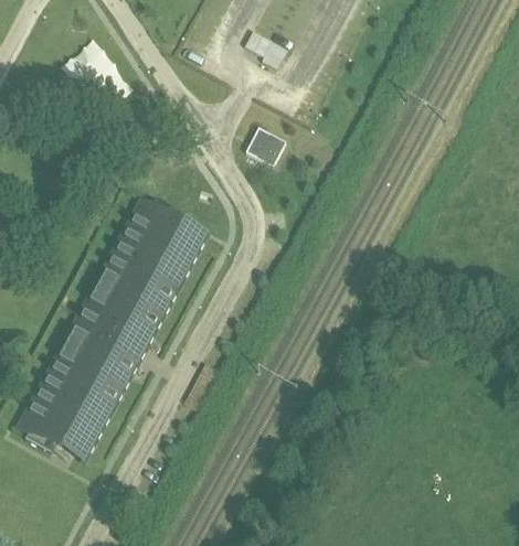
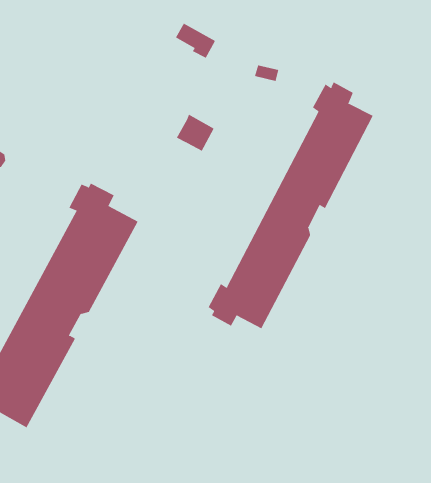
building: none -> [208,82,373,329]

